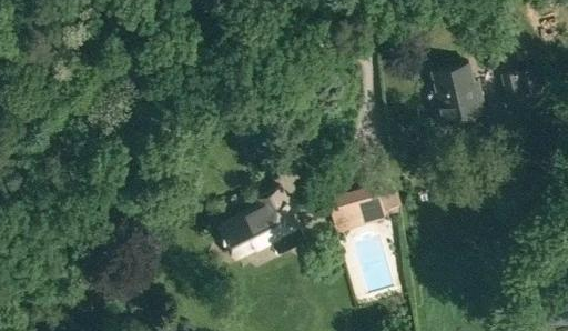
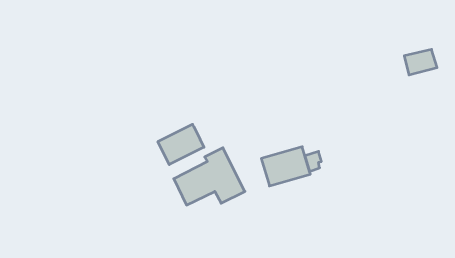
building: [430,63,484,123] -> none
building: none -> [158,124,204,165]

